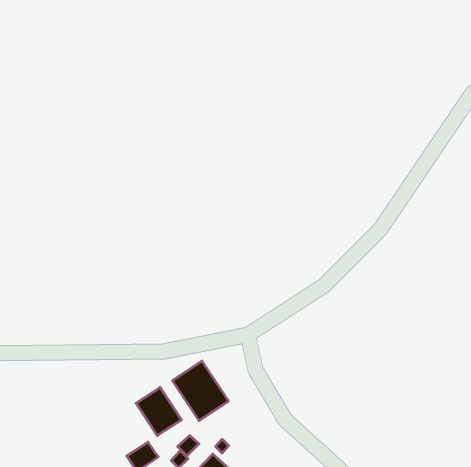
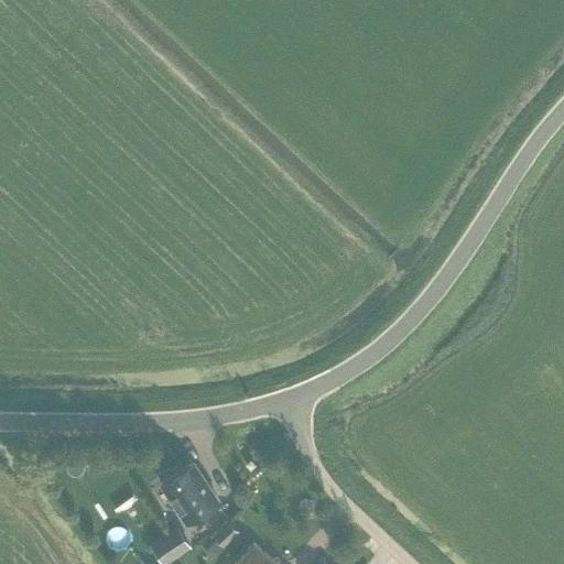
building: [173,361,228,421] -> none

